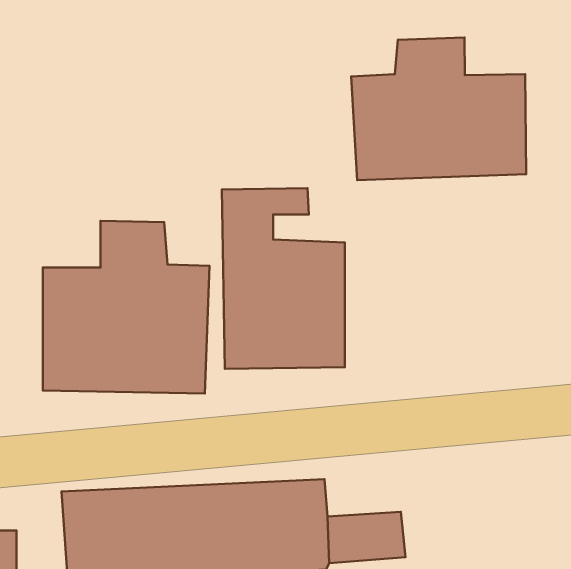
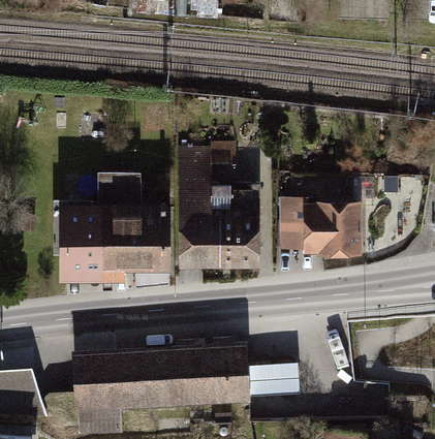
building: [351,37,526,180] -> none
building: none -> [281,200,371,259]

